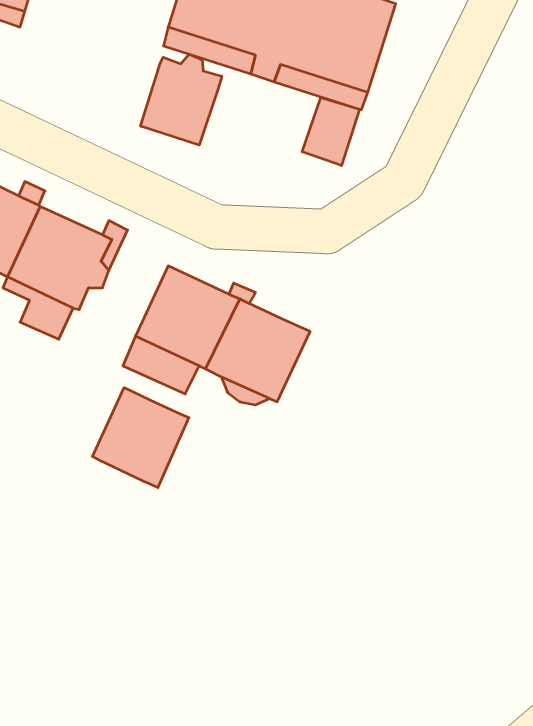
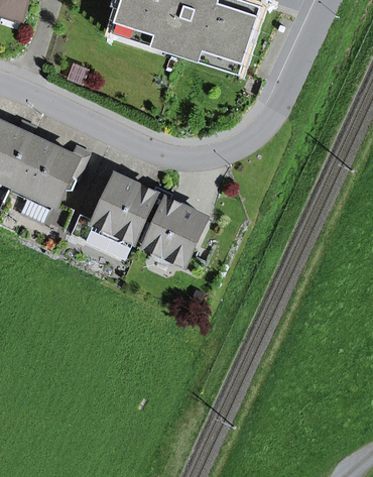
building: [141,54,222,145] -> none
building: [302,98,360,166] -> none
building: [92,388,189,488] -> none

